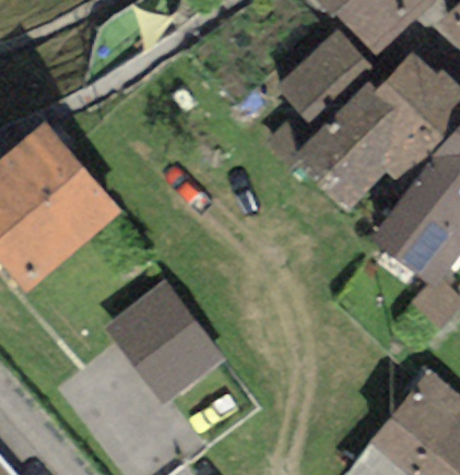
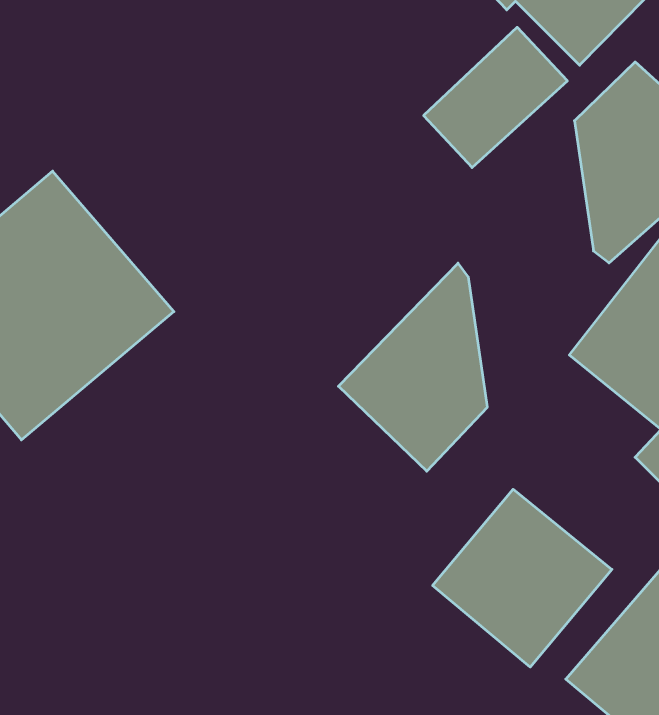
building: [291,81,385,212] -> [338,263,487,471]
building: [103,280,223,403] -> none
building: none -> [433,489,612,667]

